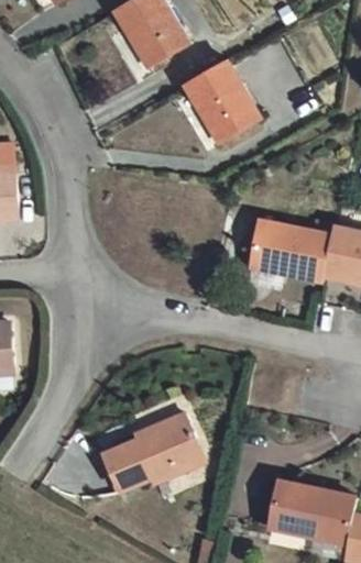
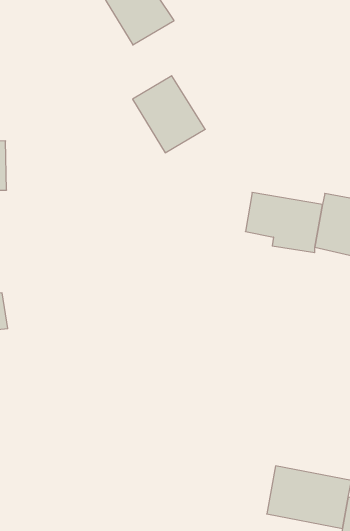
building: [182,59,253,135] -> [133,76,205,153]
building: [105,416,197,487] -> none

